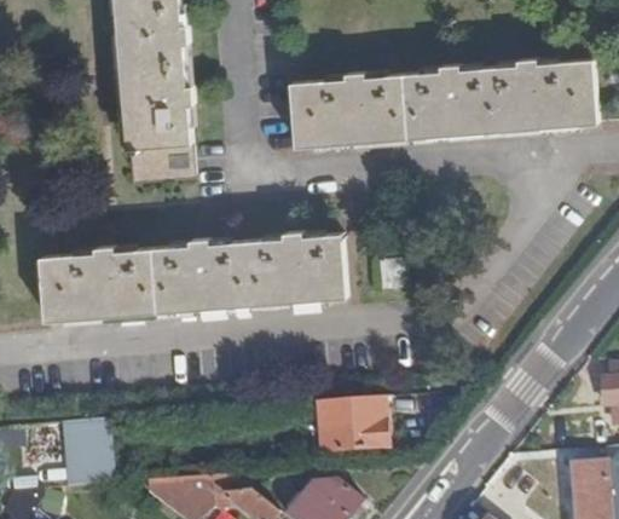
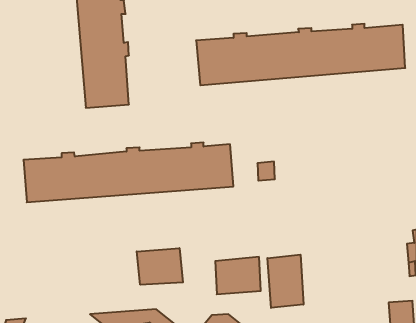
building: none -> [137,248,183,285]
building: none -> [267,255,303,308]
building: [73,421,114,486] -> none

